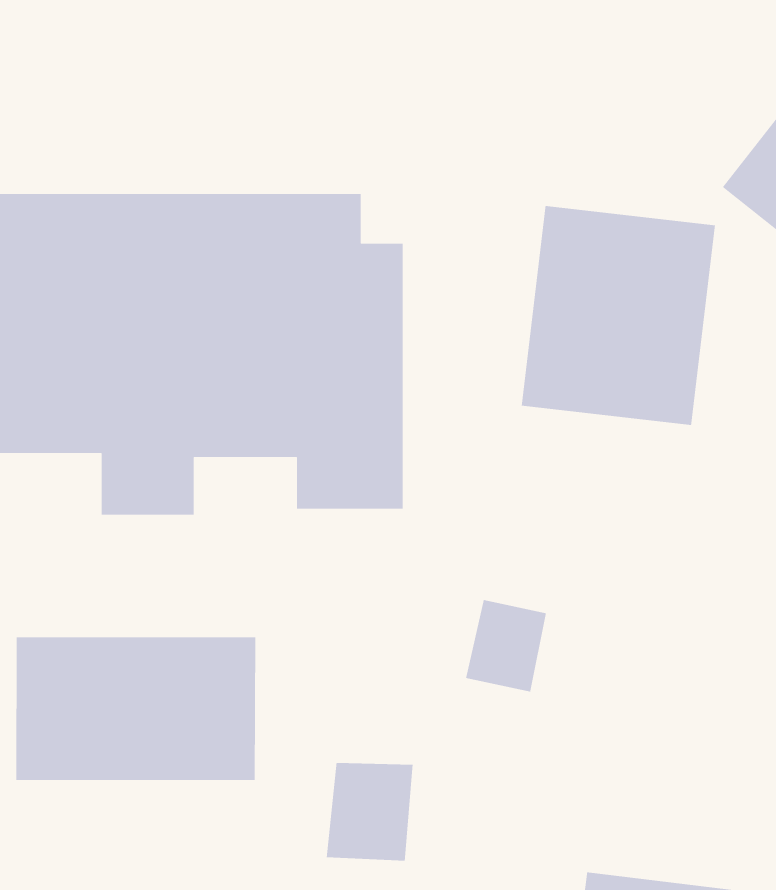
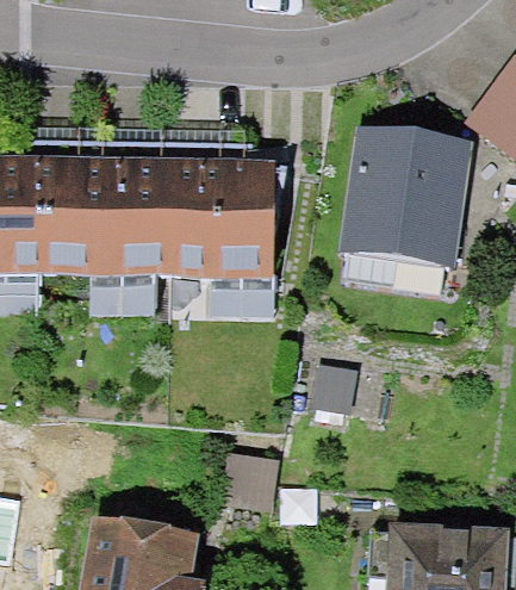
building: [15,636,256,781] -> none

